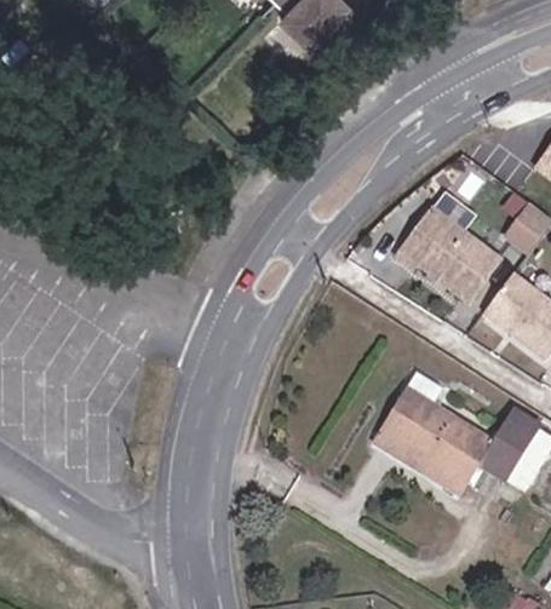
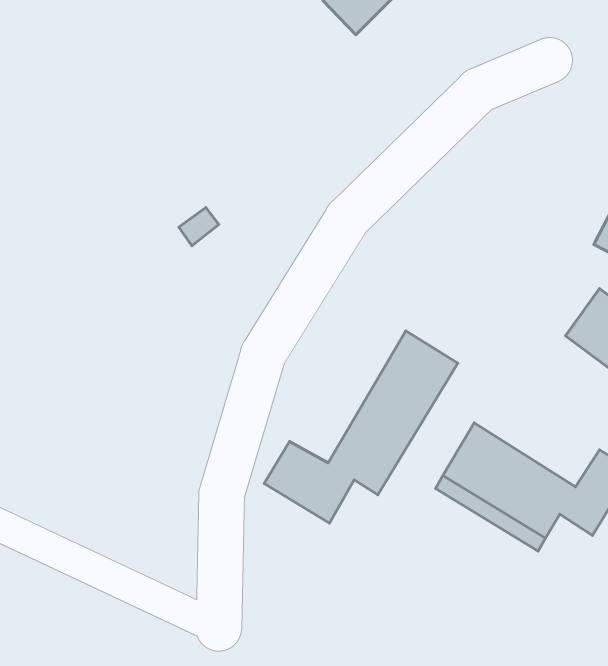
building: [397,206,503,299] -> none
building: none -> [264,331,458,523]

